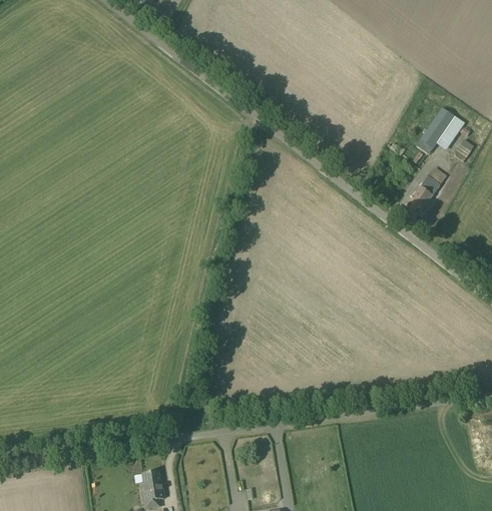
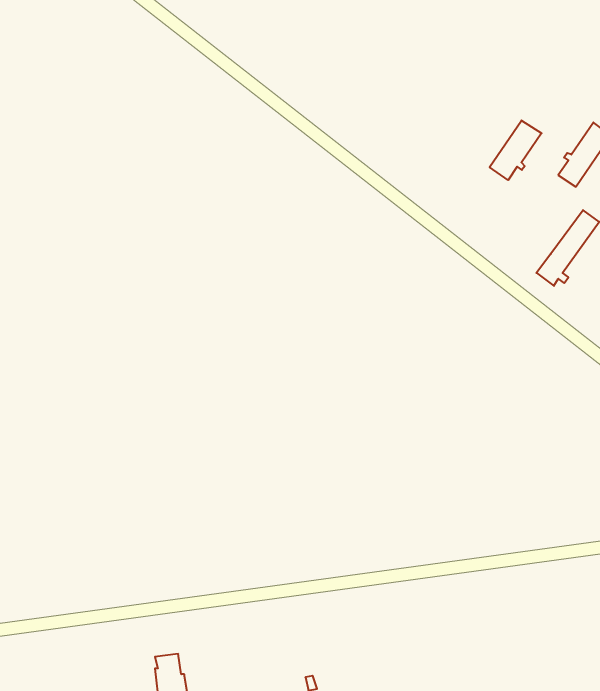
building: none -> [490,120,542,180]

